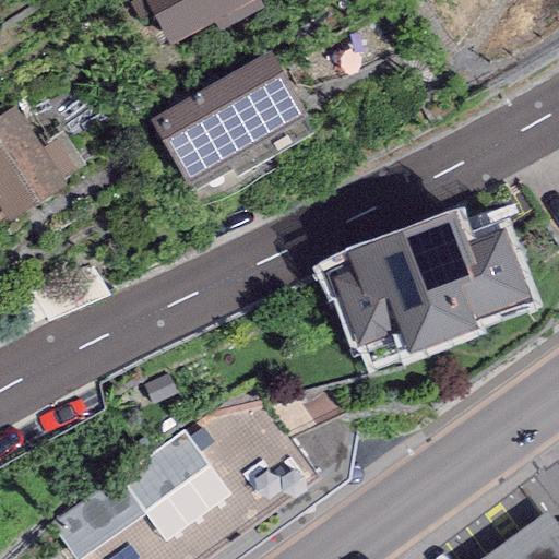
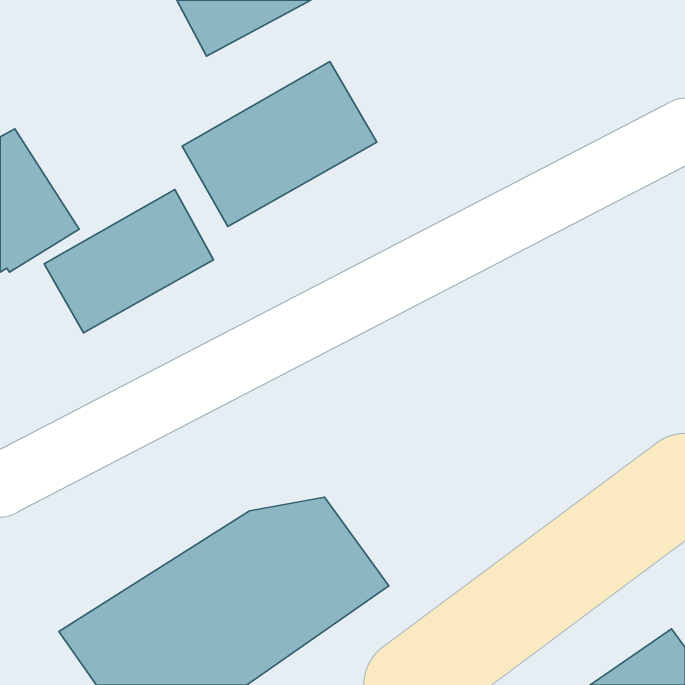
building: none -> [44,190,214,333]
building: [333,211,527,354] -> none

